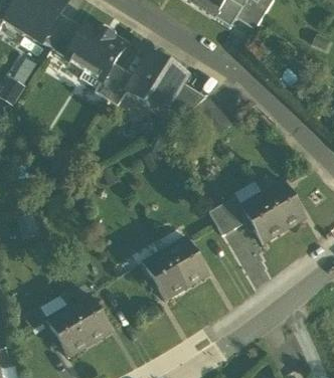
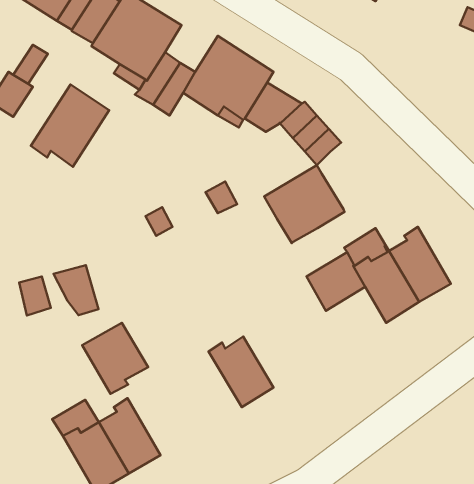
building: none -> [31,84,109,167]
building: none -> [264,165,345,243]
building: none -> [53,265,98,315]
building: [166,235,208,286] -> none
building: none -> [82,323,148,394]

